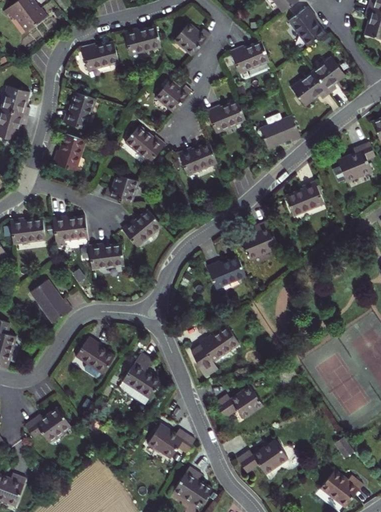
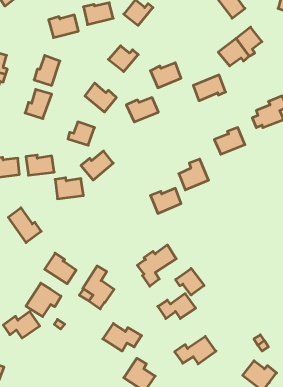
building: [230,42,269,73] -> none
building: none -> [176,268,204,295]
building: none -> [26,283,61,317]

